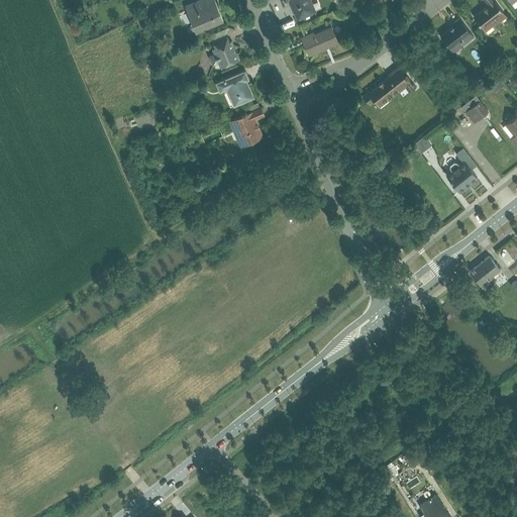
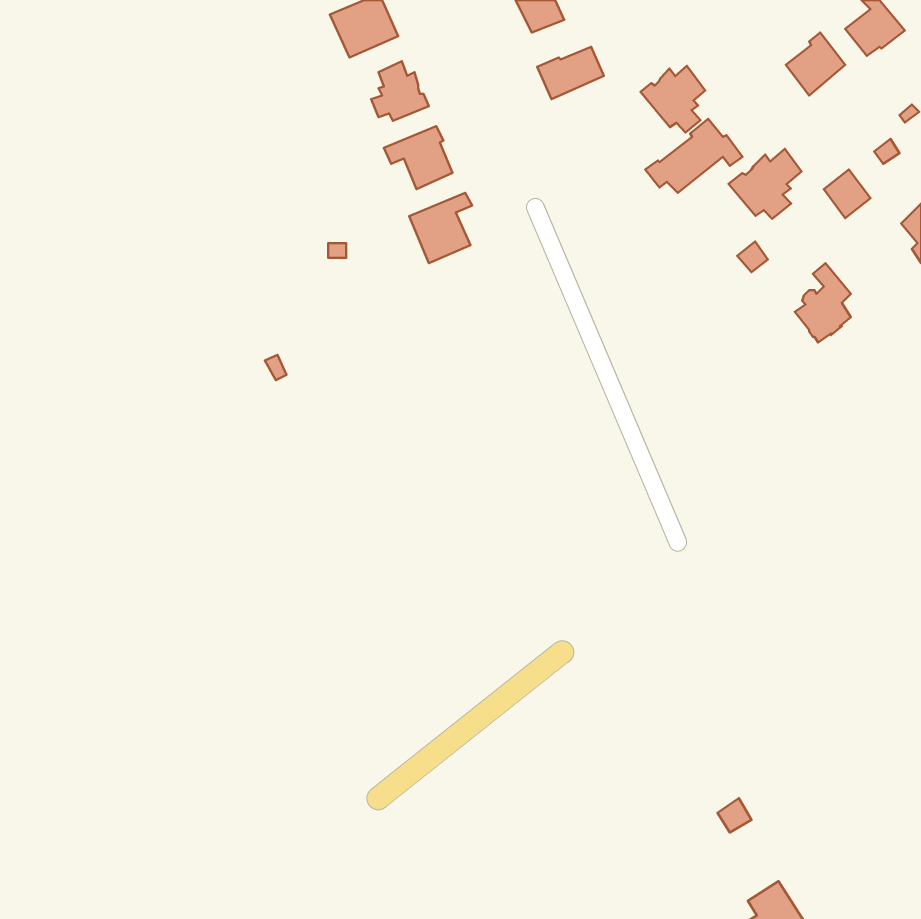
building: none -> [640,66,705,133]
building: none -> [729,149,801,219]
building: [470,256,501,292] -> none

